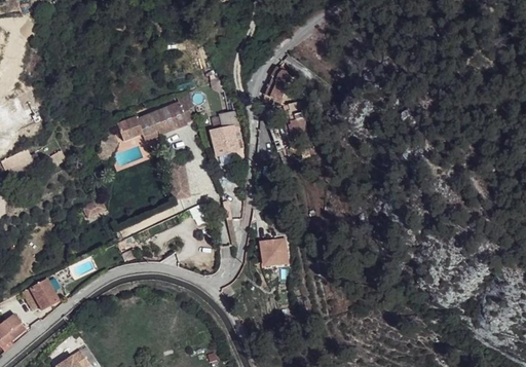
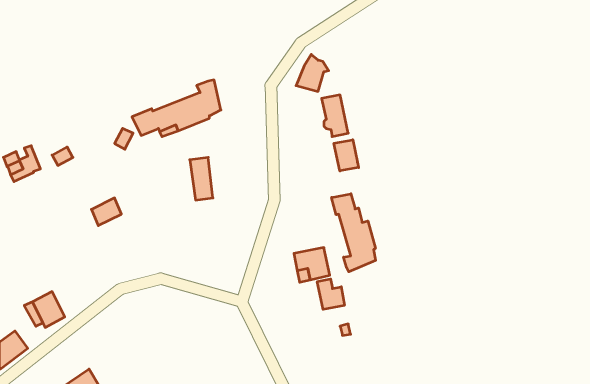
building: [211,126,238,155] -> none
building: none -> [334,140,359,171]
building: none -> [332,194,376,272]
building: none -> [317,279,344,309]

